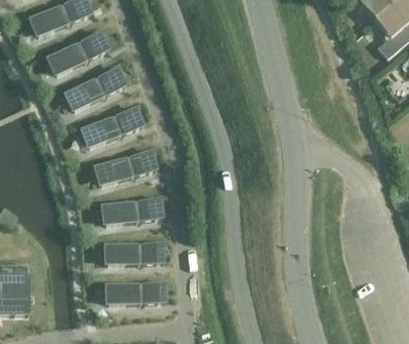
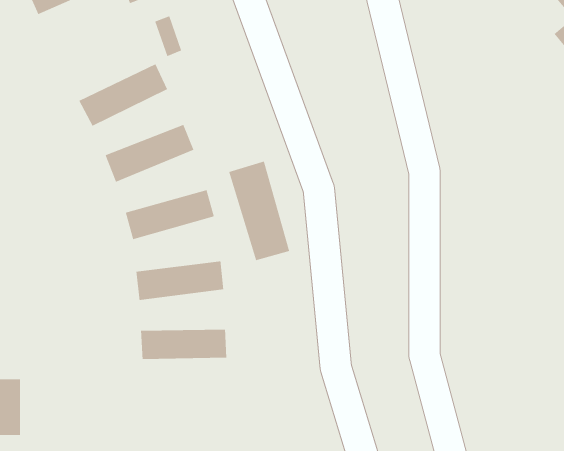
building: [47,31,107,73] -> none
building: none -> [228,161,290,261]
building: [107,281,164,303] -> none

